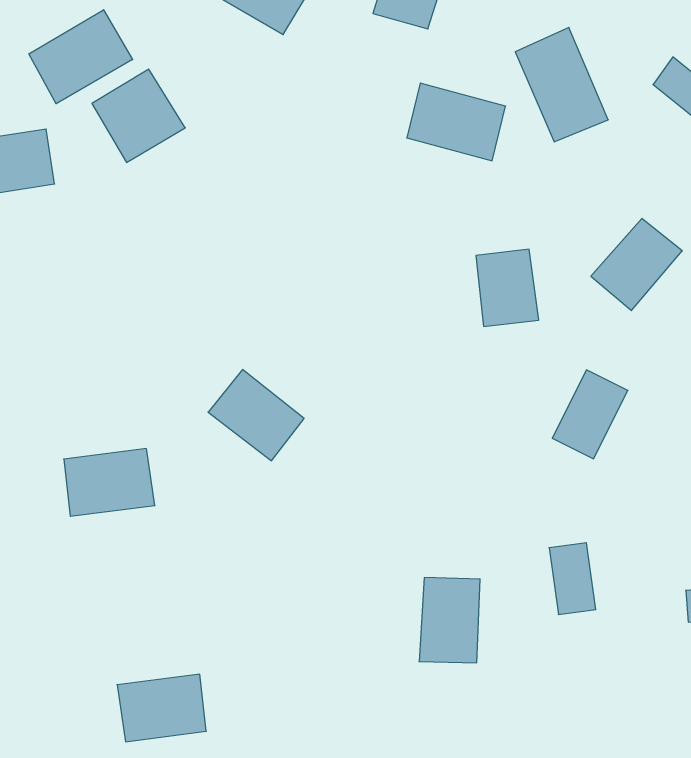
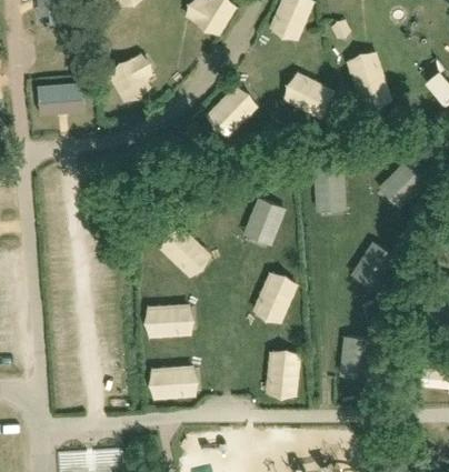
building: [29,10,133,104] -> none
building: none -> [203,84,259,140]
building: none -> [242,197,287,247]
building: none -> [253,271,297,325]
building: [64,449,155,516] -> [143,303,192,338]
building: [117,674,206,742] -> [148,365,196,400]

